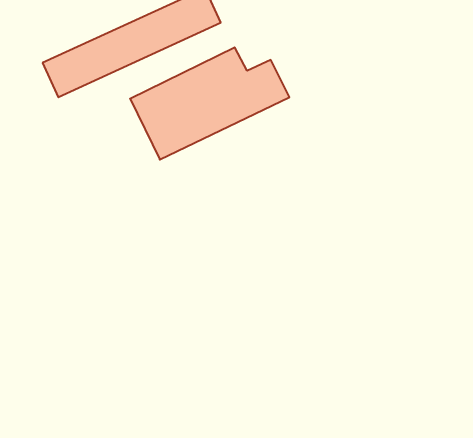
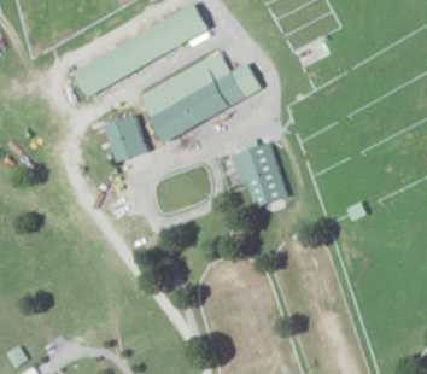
building: none -> [105,115,147,162]
building: none -> [230,142,287,208]

